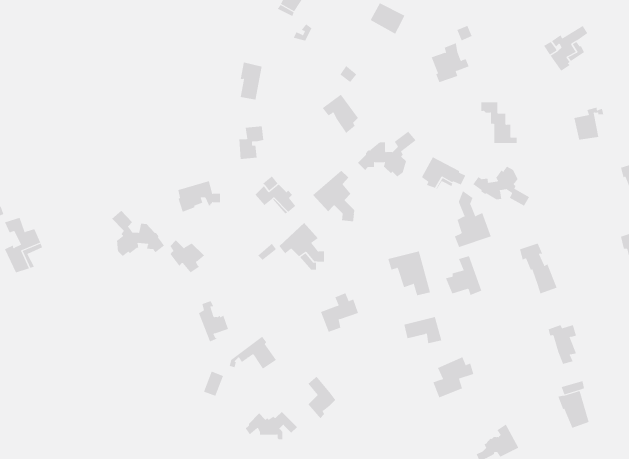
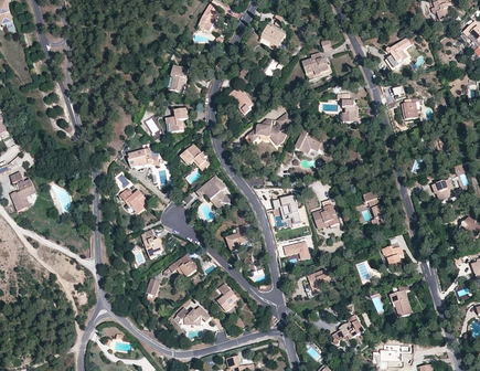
building: [472,166,530,206] -> none
building: [312,170,355,222] -> none
building: [454,190,492,248] -> none
building: [111,210,165,257] -> none

